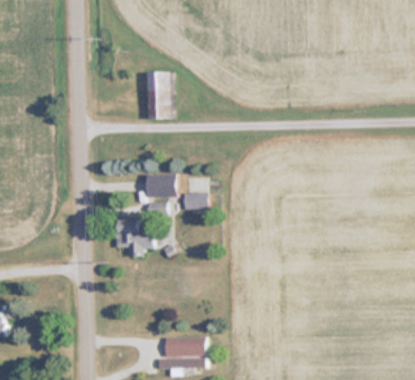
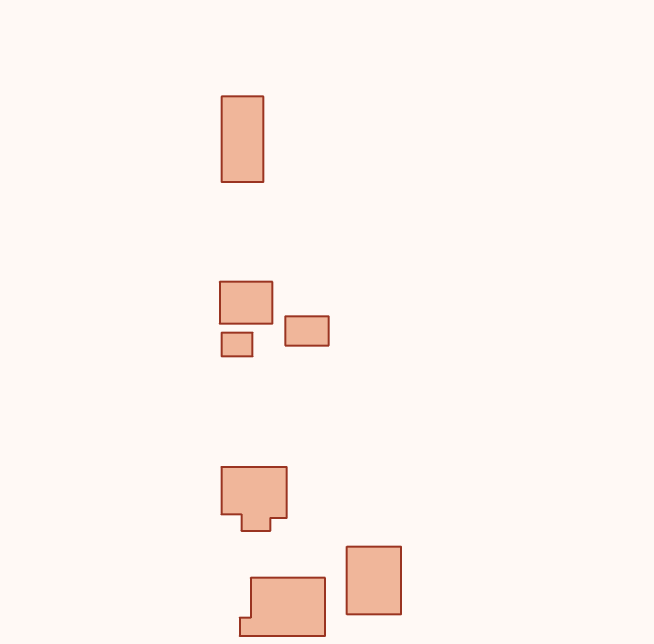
building: [116,220,152,255] -> [221,467,287,531]
building: none -> [347,547,401,614]

